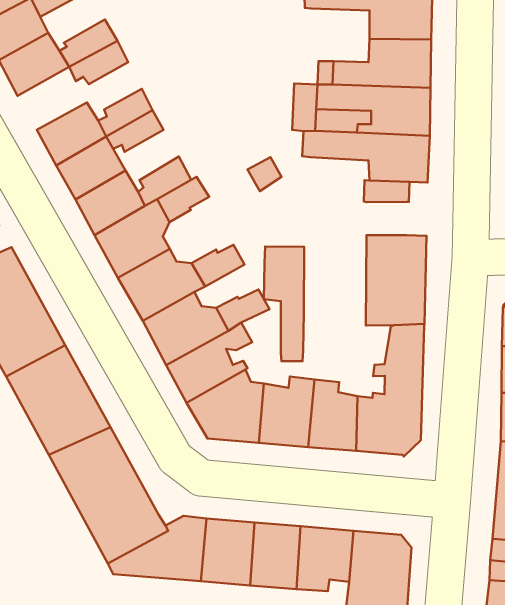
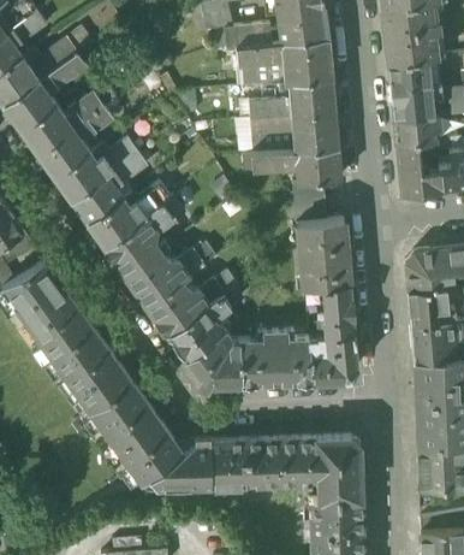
building: none -> [242,61,286,85]
building: none -> [37,128,88,176]
building: none -> [298,196,329,224]
building: [264,247,304,361] -> none

